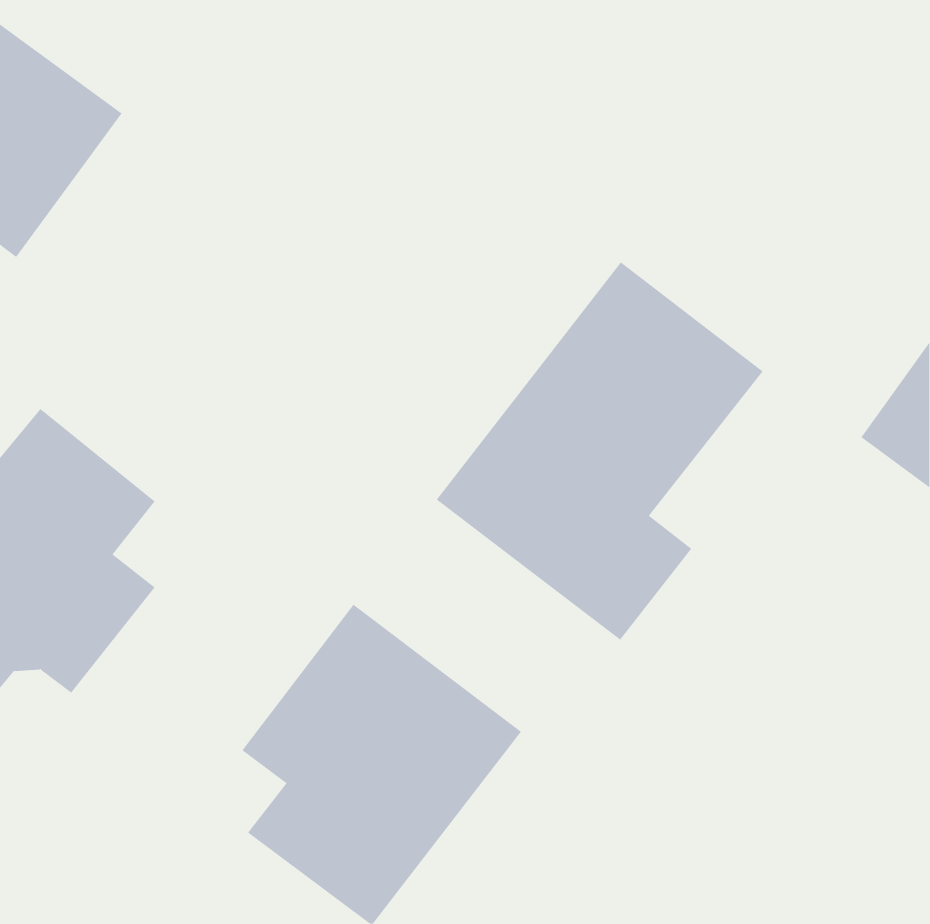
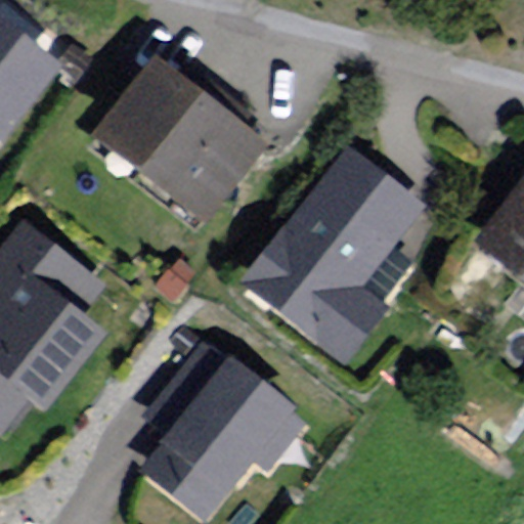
building: none -> [98,56,276,227]

